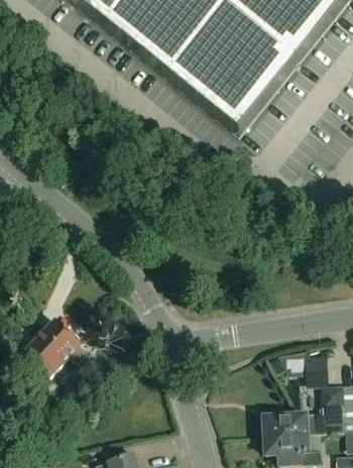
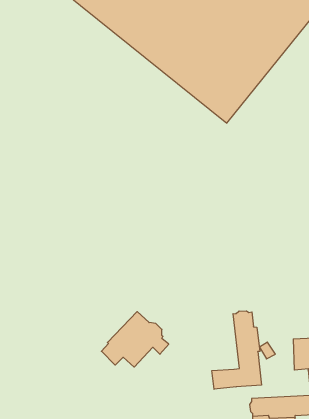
building: [17,320,86,376] -> [101,312,169,367]
building: none -> [212,311,261,389]

